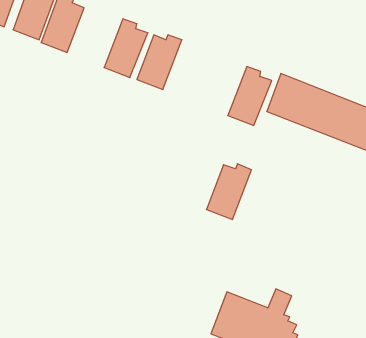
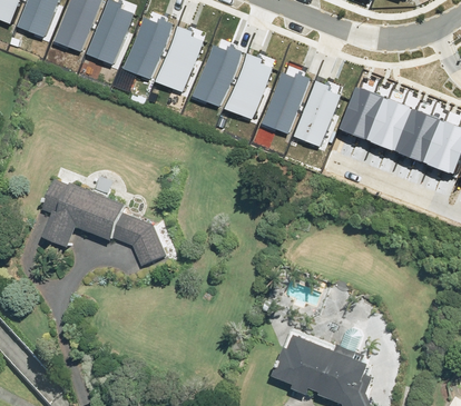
building: none -> [121,16,171,77]
building: none -> [224,50,273,117]
building: none -> [45,179,167,267]
building: [206,164,251,220] -> [259,71,310,133]

